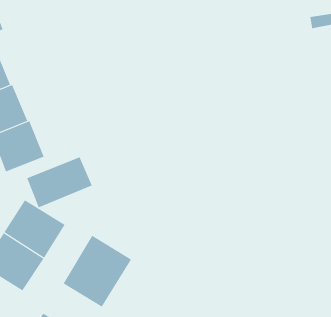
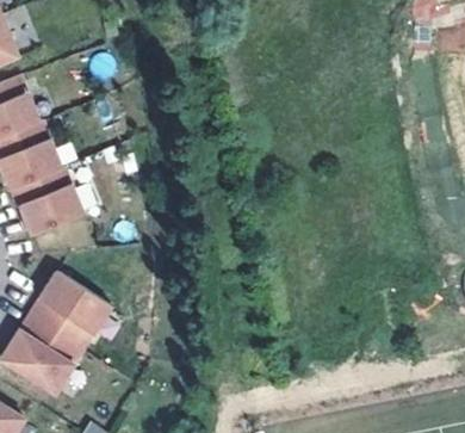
building: [27,156,92,208] -> none
building: [63,235,132,307] -> none

